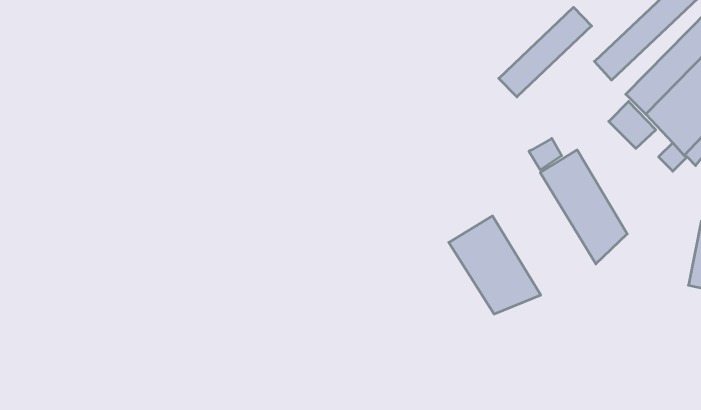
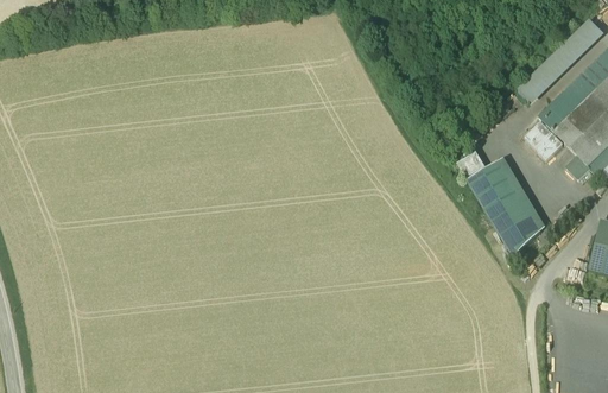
building: [499,7,592,97] -> none
building: [449,216,541,314] -> none

